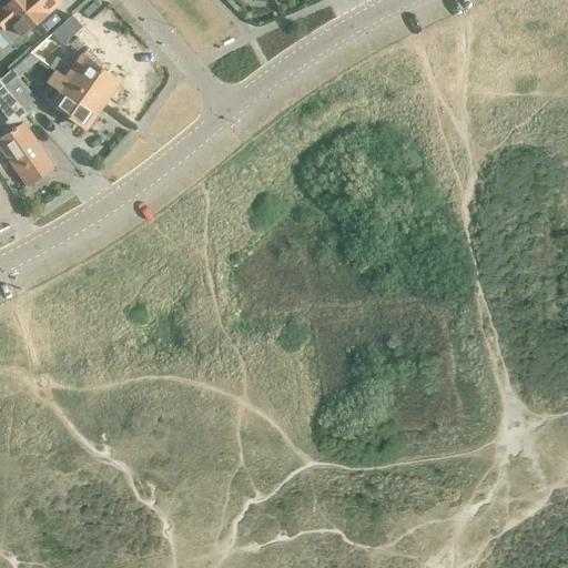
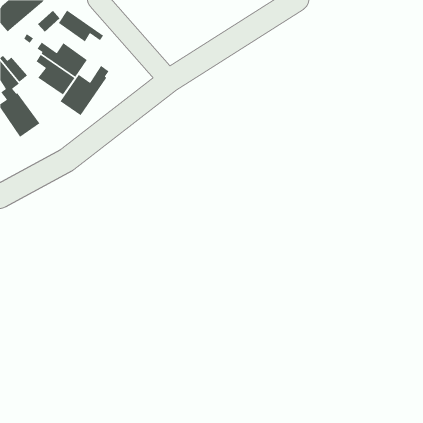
building: none -> [58,10,104,42]
building: none -> [60,65,110,116]

